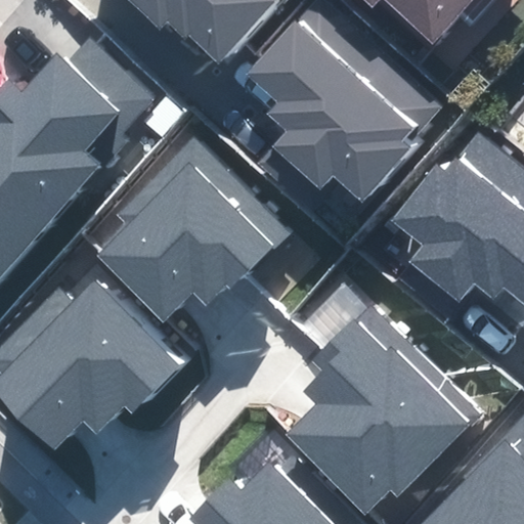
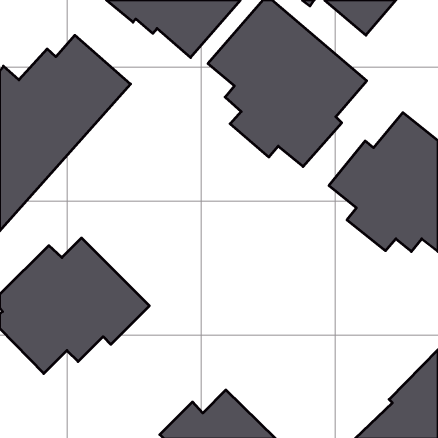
building: [97,137,283,322] -> none
building: [285,307,476,516] -> none

